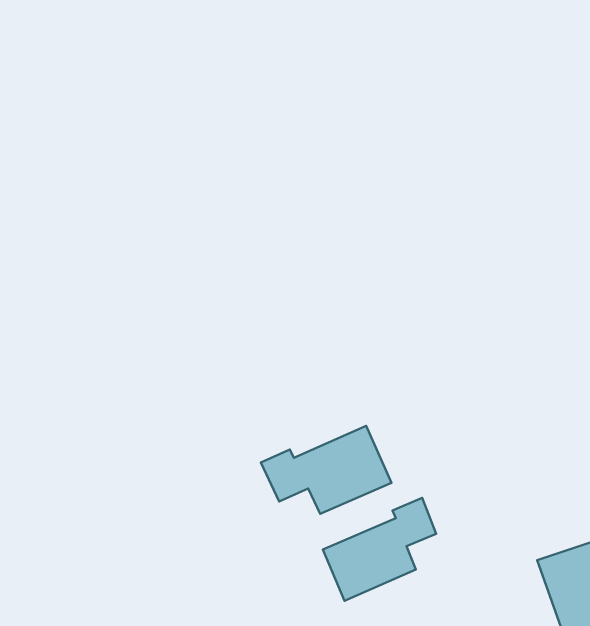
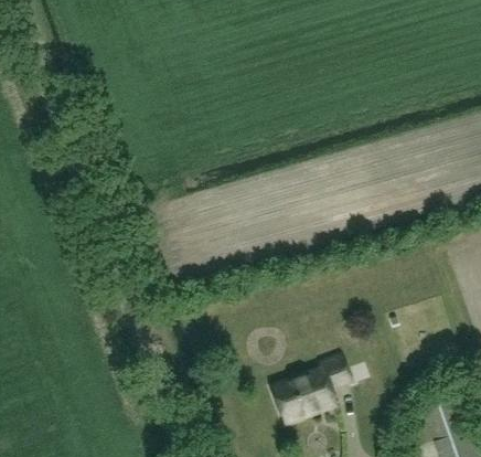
building: [261,426,392,514] -> none

